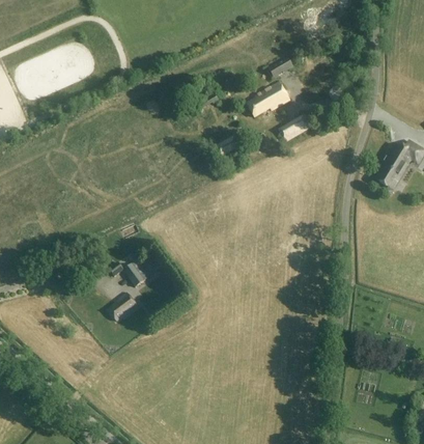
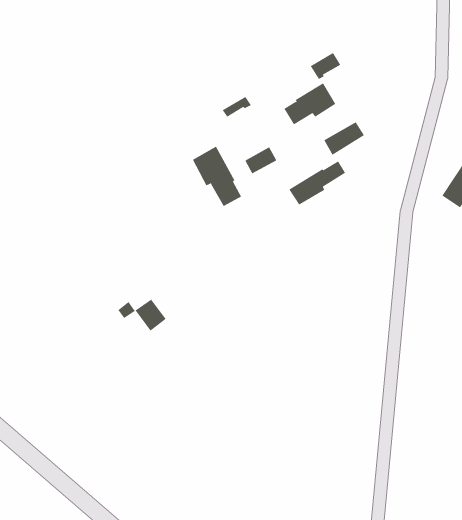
building: none -> [192,146,242,207]
building: none -> [289,160,346,206]
building: [108,294,138,322] -> none

